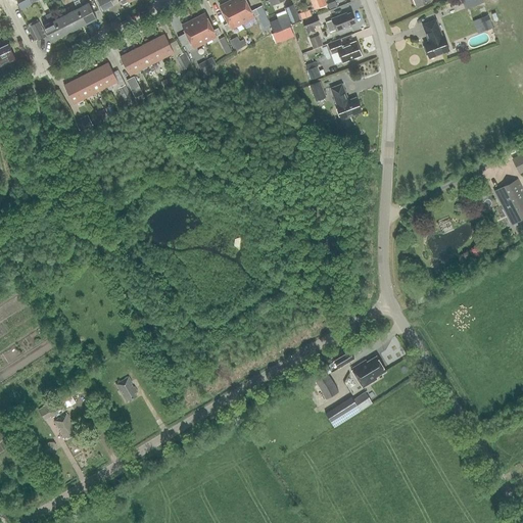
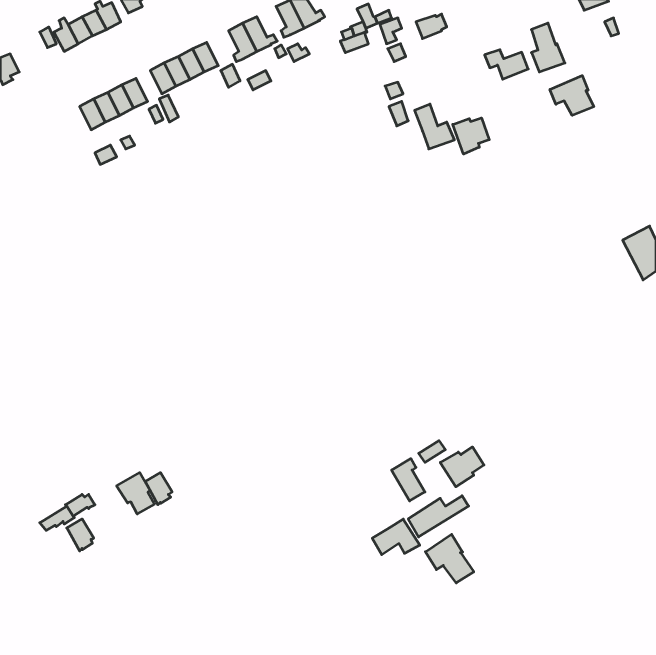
building: [327,39,362,62] -> [485,50,528,79]
building: none -> [550,76,594,115]
building: none -> [453,118,489,154]
building: none -> [117,473,154,514]
building: none -> [372,519,420,555]
building: none -> [425,534,474,583]

